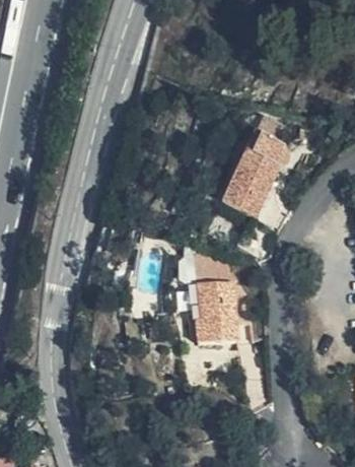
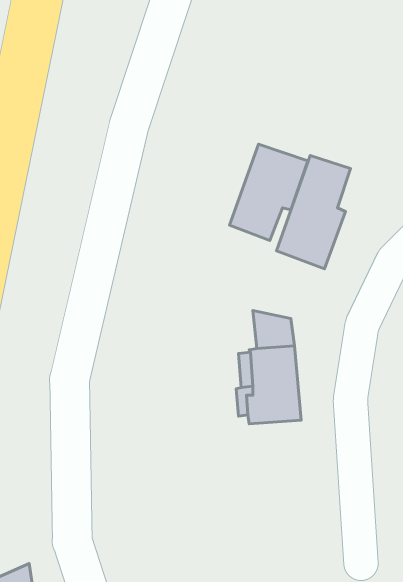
building: none -> [230,144,308,241]

